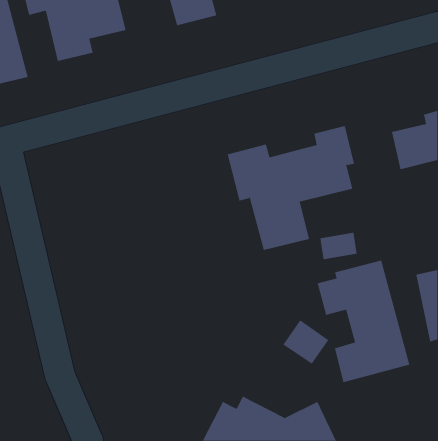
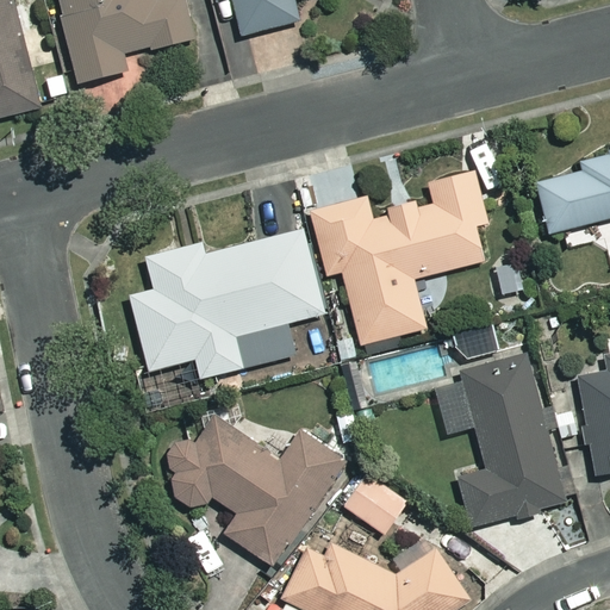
building: none -> [132,231,324,379]
building: none -> [162,402,349,569]
building: [283,319,329,364] -> [344,472,409,534]

